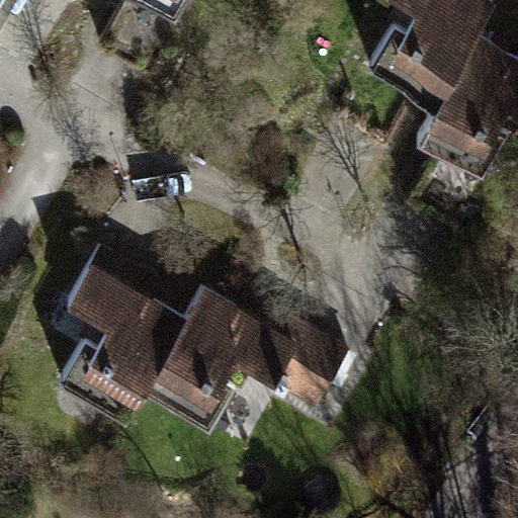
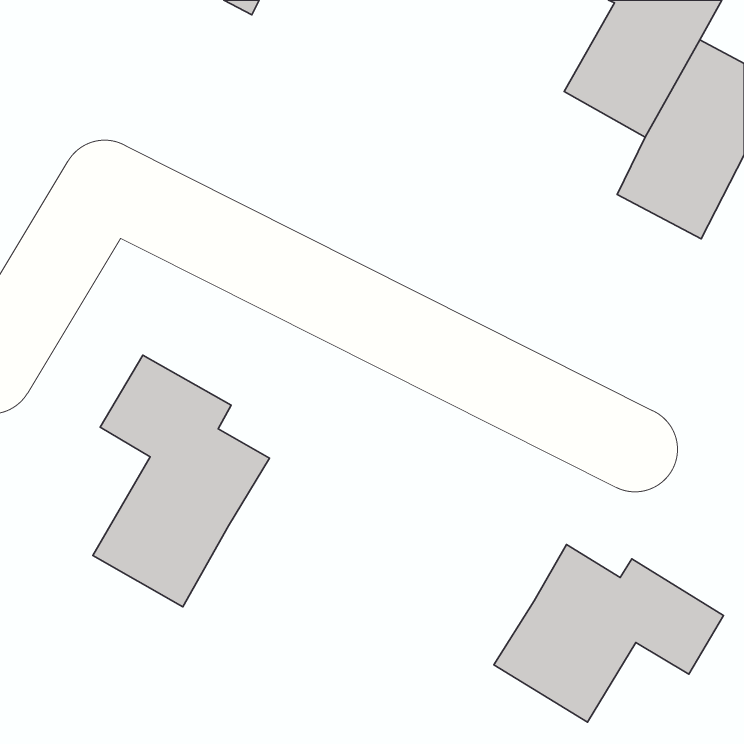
building: [157,288,351,410] -> none
building: none -> [494,545,724,722]

